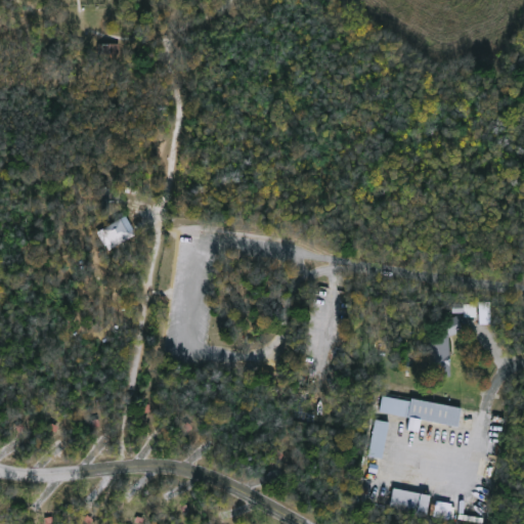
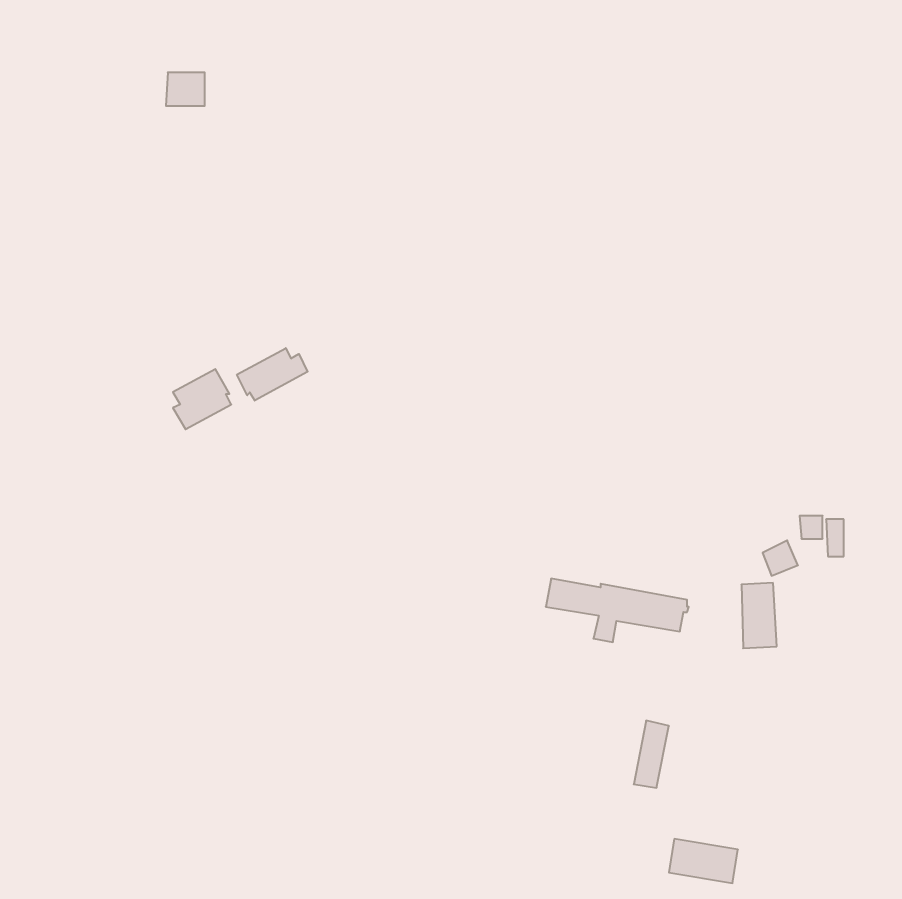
building: none -> [237,348,308,401]
building: [379,396,462,433] -> [546,579,689,642]

